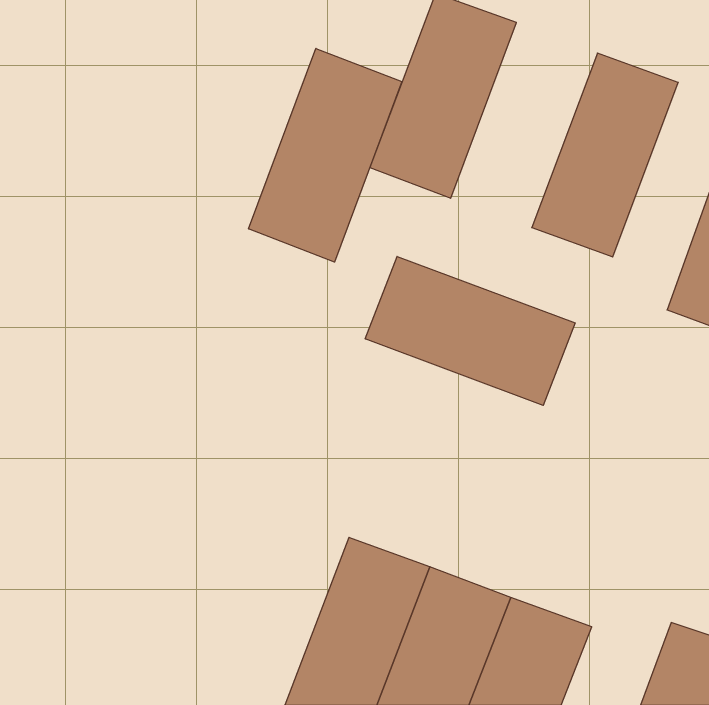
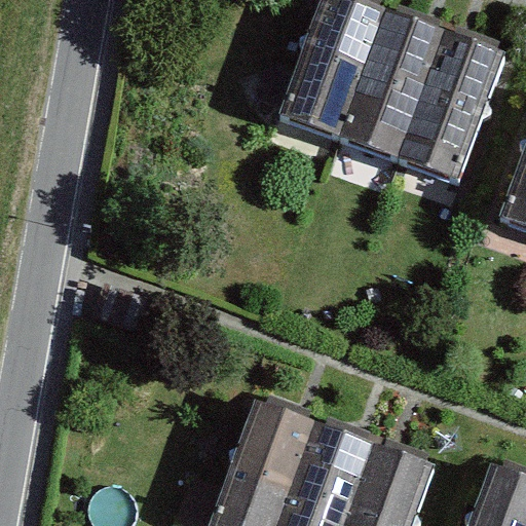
building: none -> [335,16,443,167]
building: [249,48,402,262] -> none
building: [365,256,575,405] -> none

